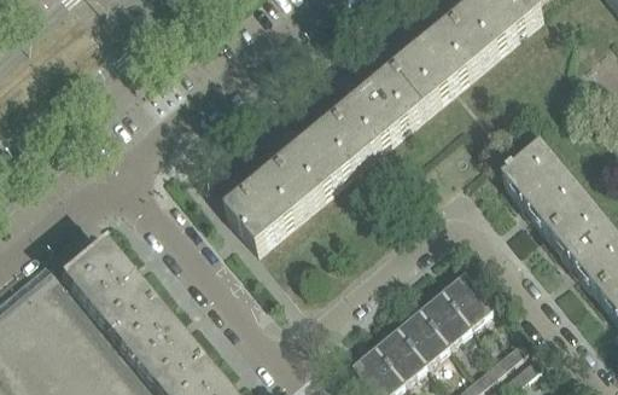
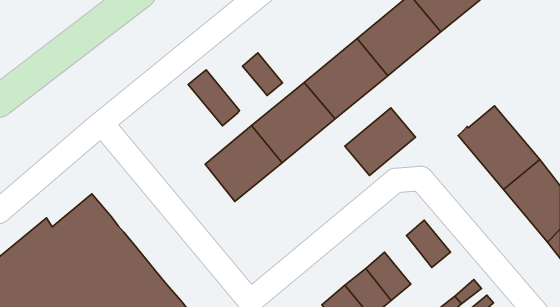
building: none -> [242,53,282,95]
building: none -> [188,70,239,126]
building: none -> [345,108,415,175]
building: [424,285,476,338] -> none

